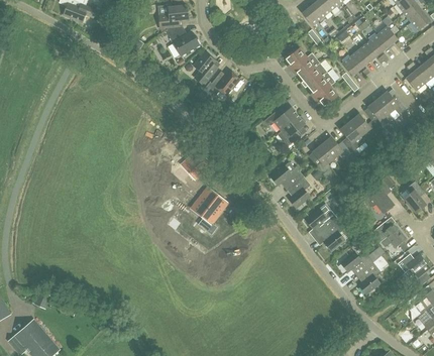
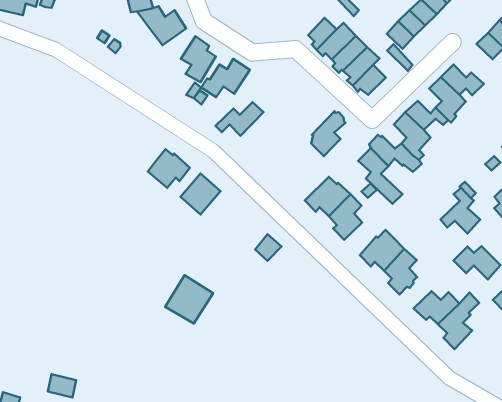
building: [262,107,298,130] -> [216,102,263,136]
building: none -> [148,149,190,188]
building: [191,188,226,223] -> [165,275,213,323]

